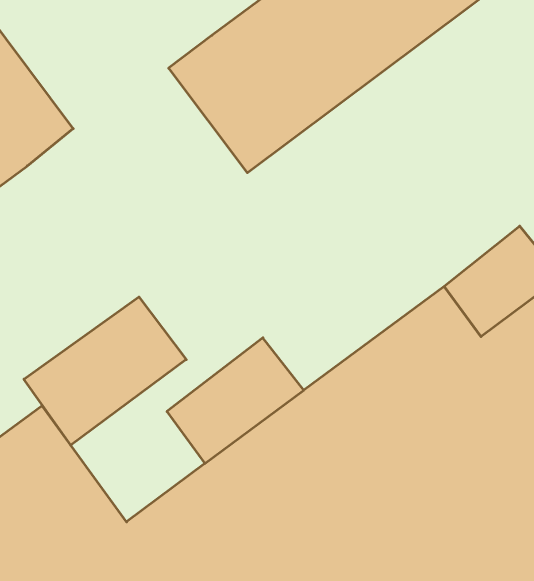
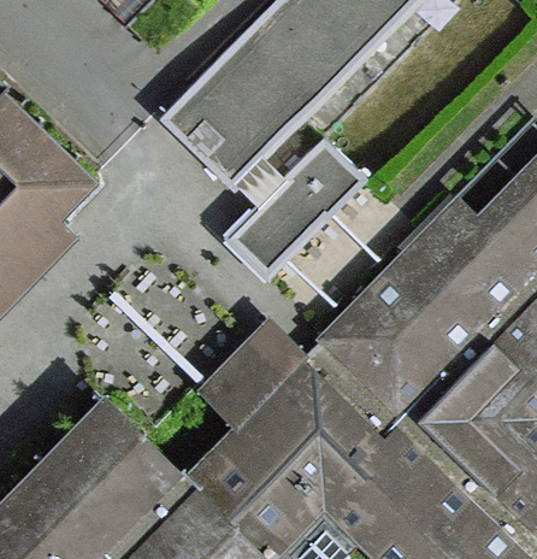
building: none -> [226,136,370,281]
building: [24,297,186,445] -> none

